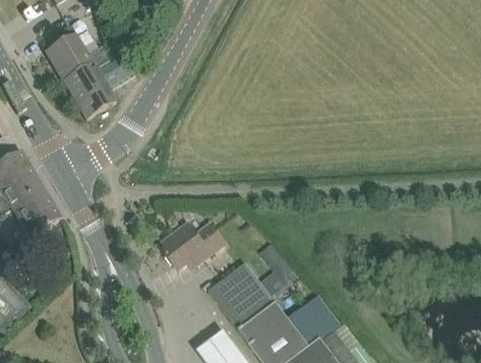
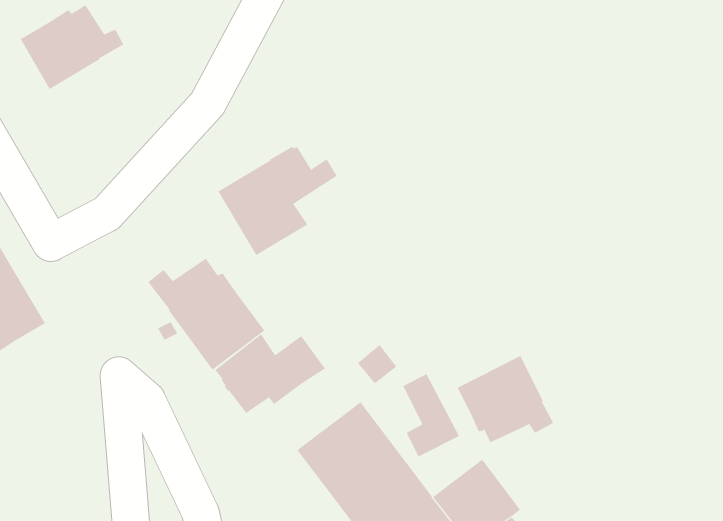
building: [63,54,133,118] -> [218,146,338,256]
building: none -> [148,258,265,371]
building: none -> [457,355,554,443]

